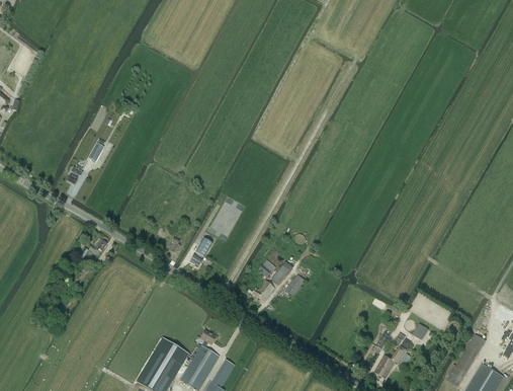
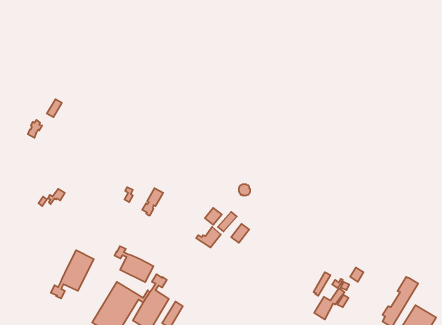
building: none -> [115,246,153,282]
building: none -> [51,250,94,299]

